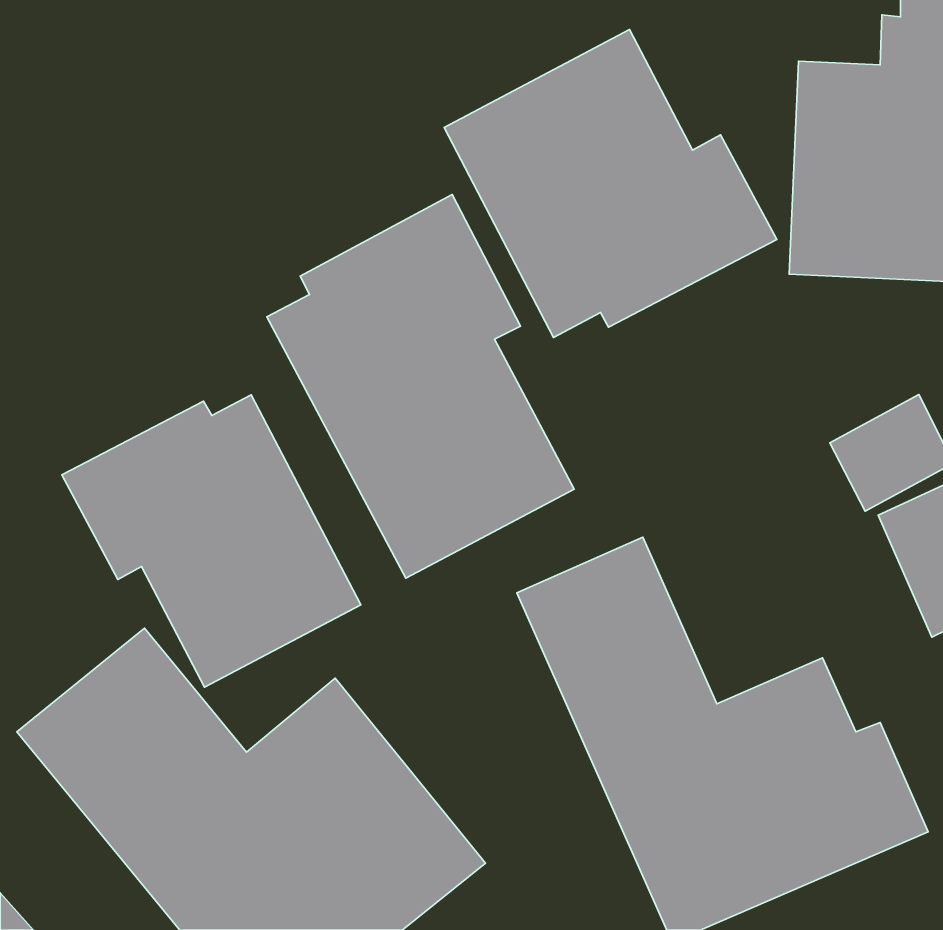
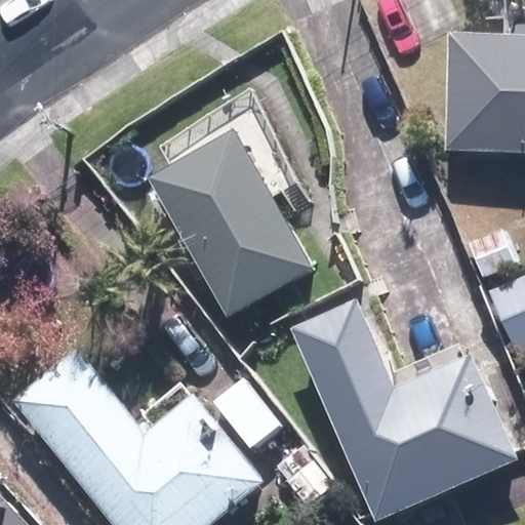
building: [444,30,777,337] -> none
building: [62,395,361,687] -> none

